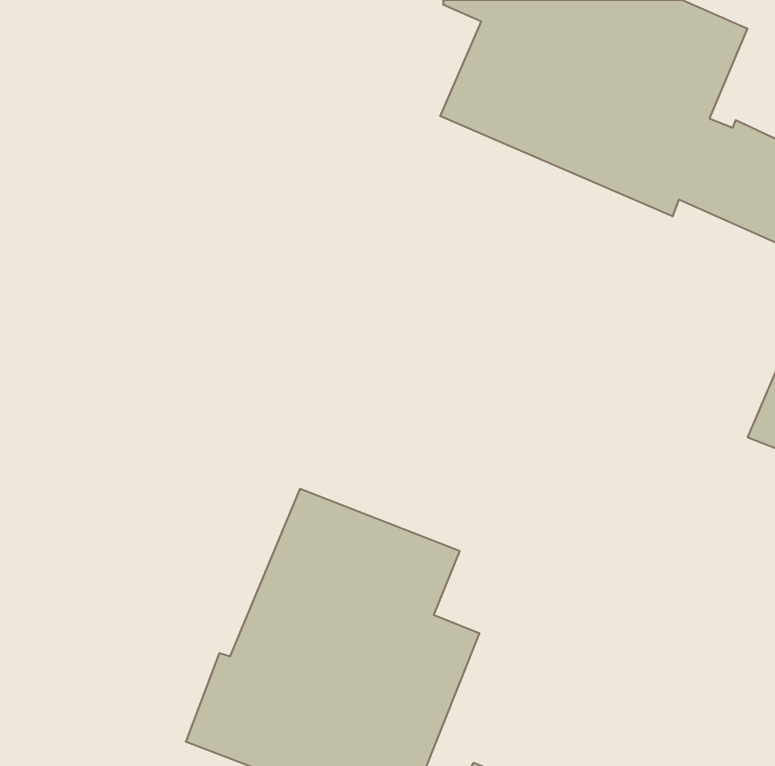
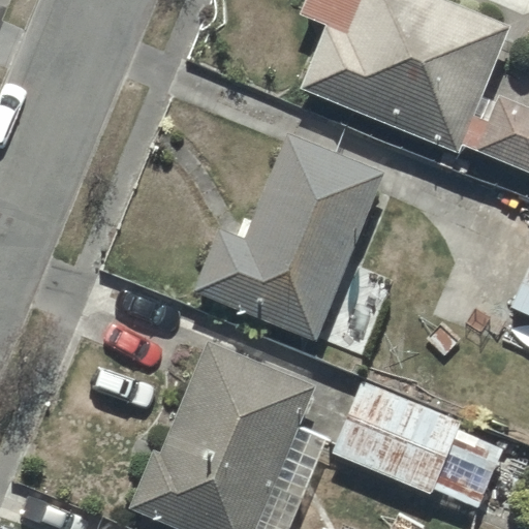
building: none -> [194,131,384,340]
building: none -> [334,381,504,509]

